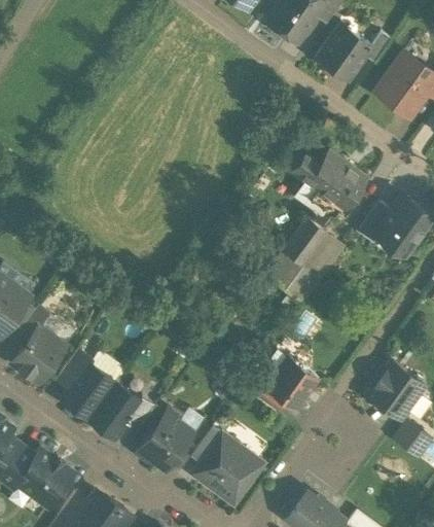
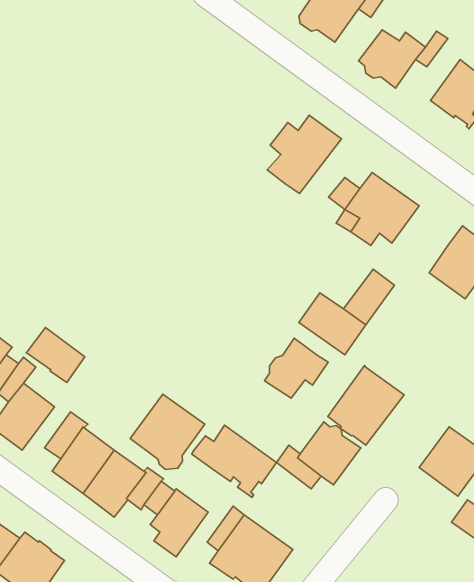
building: none -> [267,115,342,194]
building: [356,202,391,243] -> none
building: [285,216,329,264] -> none
building: none -> [26,328,85,383]
building: none -> [265,338,328,398]
building: none -> [328,366,404,445]
building: none -> [130,394,205,470]
building: none -> [192,425,277,497]

